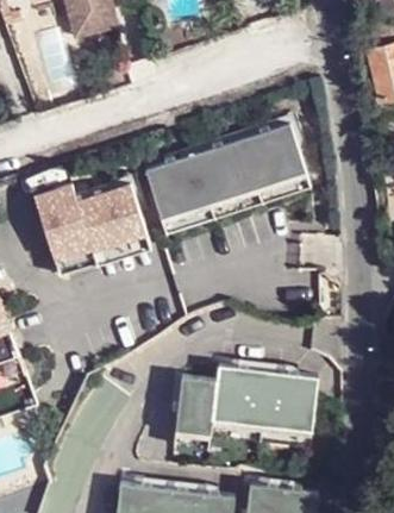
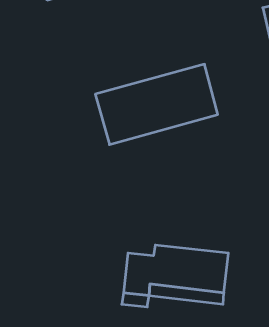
building: [27,175,145,265] -> none

